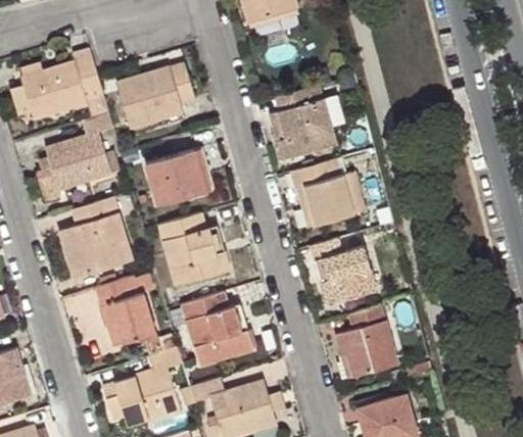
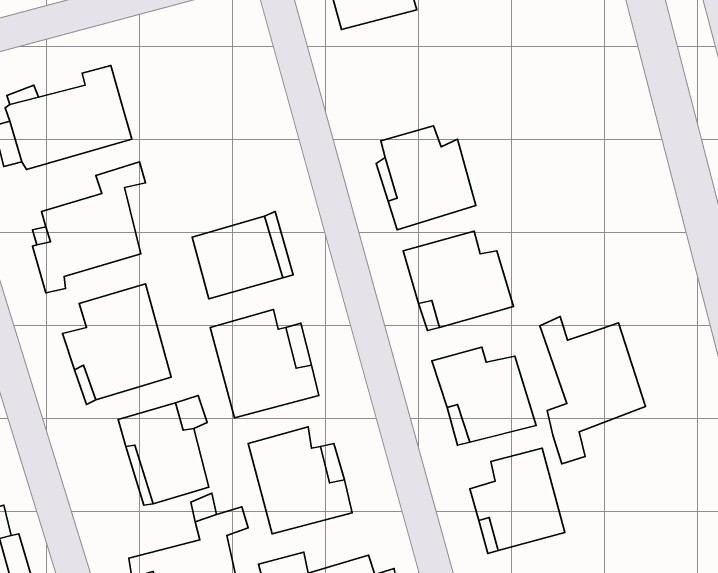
building: [116,64,195,129] -> none
building: none -> [540,317,645,464]

